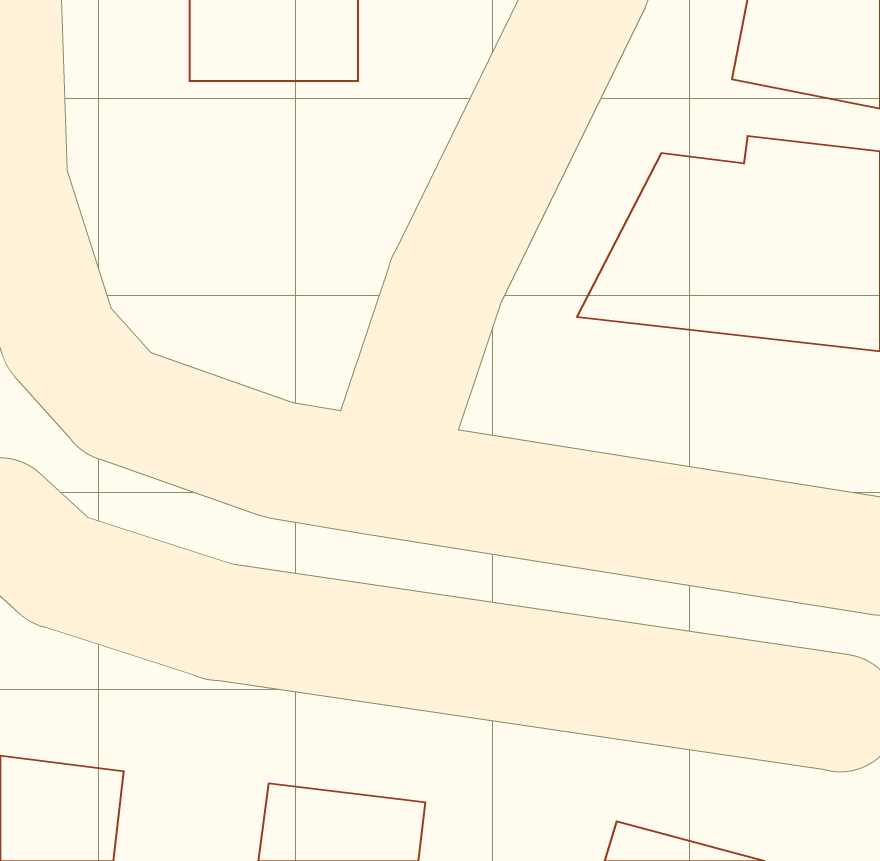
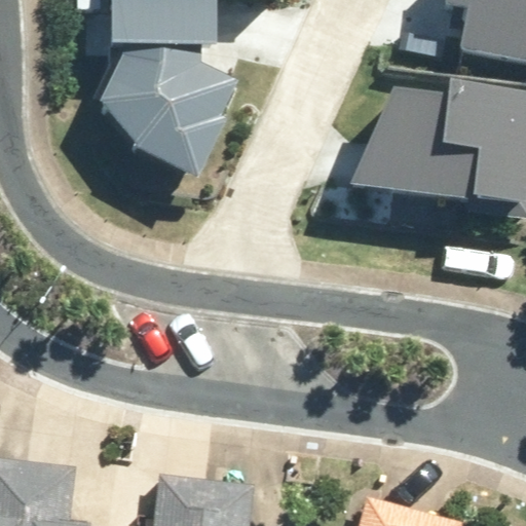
building: none -> [104,57,239,183]

